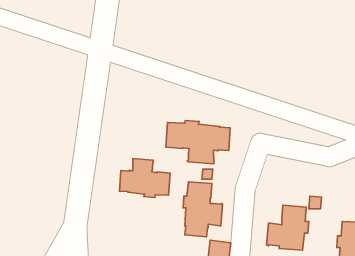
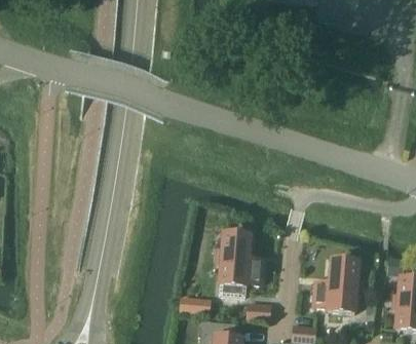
building: [166,120,230,164] -> none
building: [120,159,170,197] -> none

